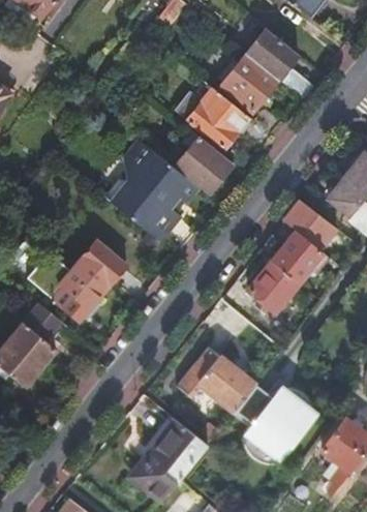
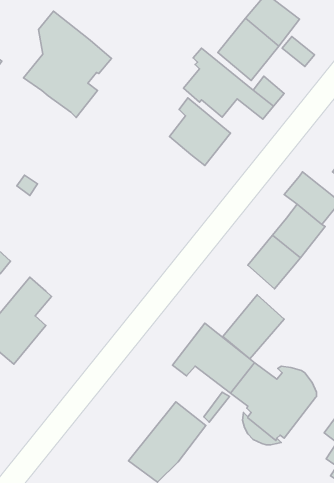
building: [110,138,194,240] -> [24,11,112,117]
building: [50,238,127,321] -> none
building: none -> [223,295,284,359]

